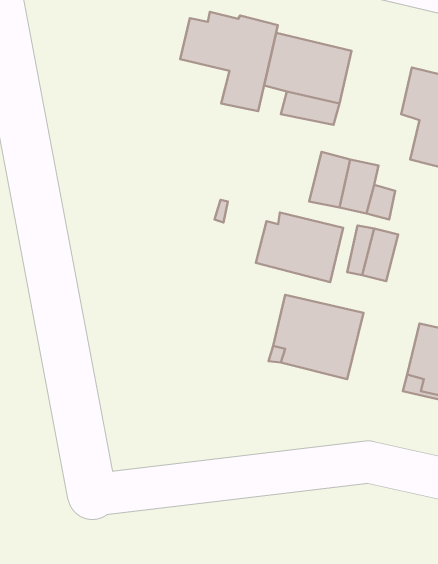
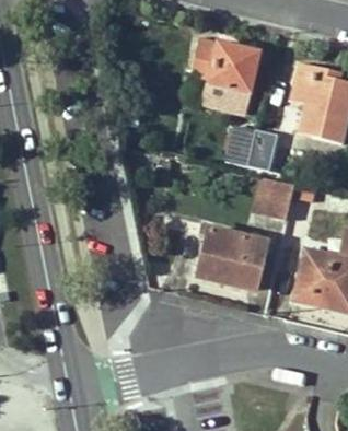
building: [180,12,278,111] -> none
building: [256,212,343,282] -> none

